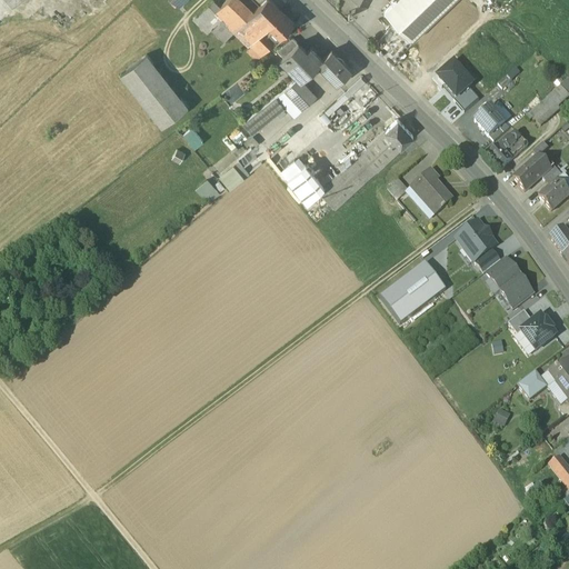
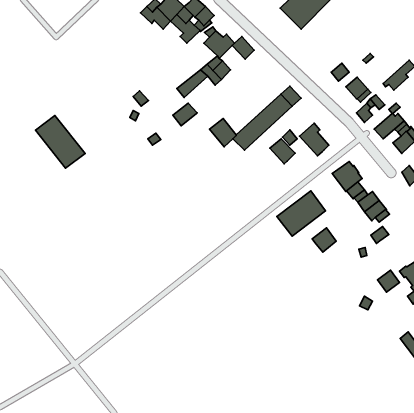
building: [121,53,189,126] -> [36,115,85,168]
building: [438,62,472,98] -> none
building: none -> [270,139,295,164]
building: none -> [312,228,336,252]
building: [521,316,556,350] -> none

